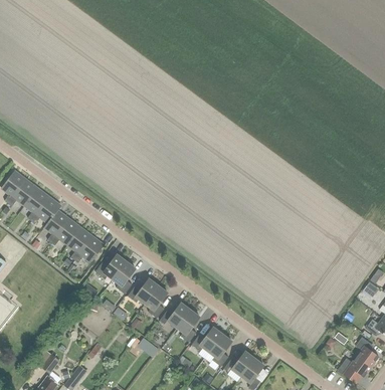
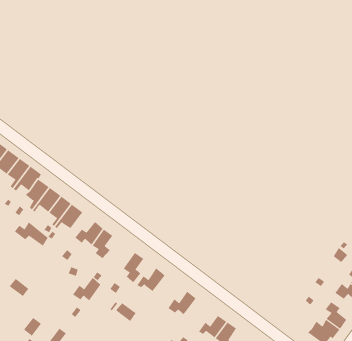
building: none -> [14,222,49,247]
building: [127,277,157,303] -> [72,277,101,301]
building: [176,310,199,342] -> none
building: [208,334,231,366] -> none

